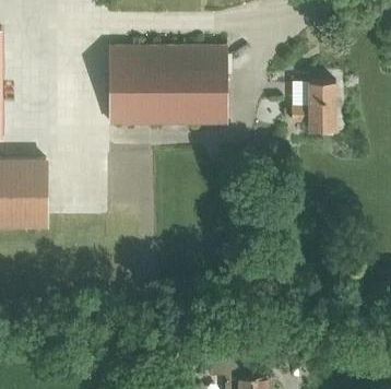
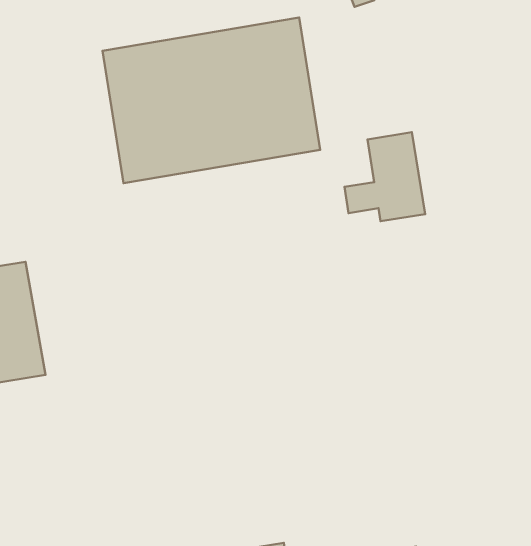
building: [292,81,335,129] -> [344,132,425,221]

